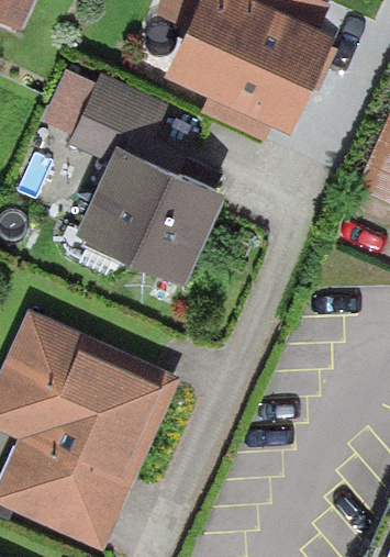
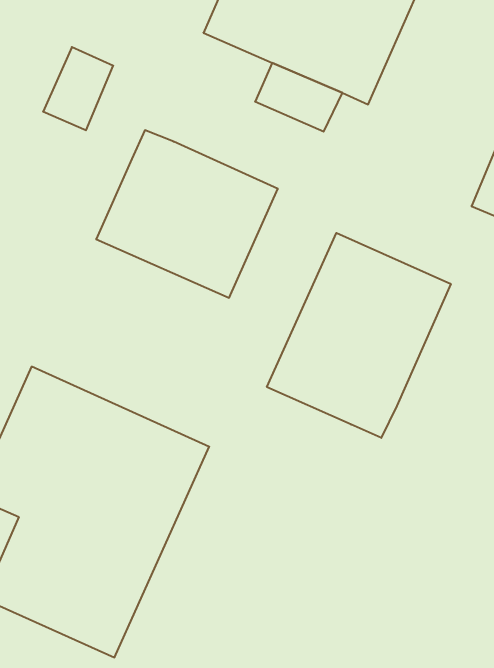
building: [71,86,157,163] -> none
building: none -> [267,233,451,438]

